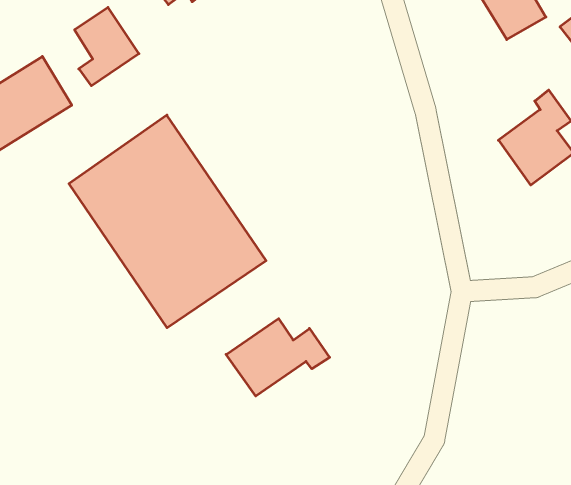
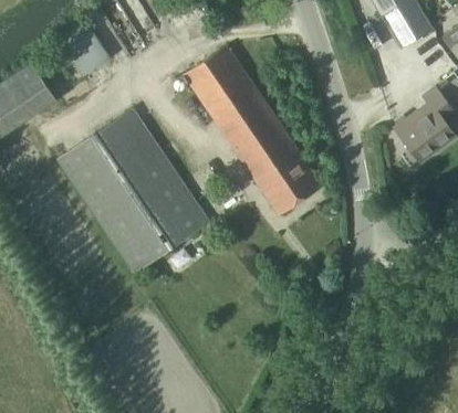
building: none -> [184,45,322,215]
building: [226,319,330,396] -> none

